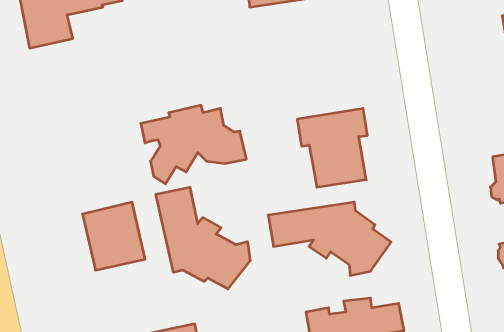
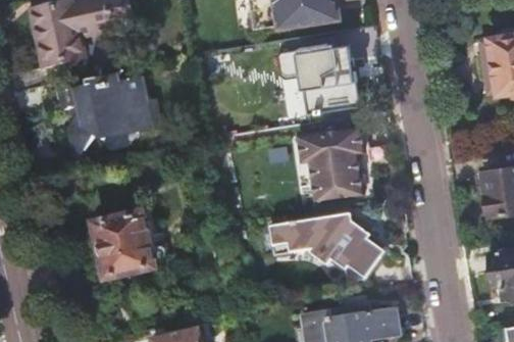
building: none -> [281,42,362,111]
building: [141,105,246,184] -> [59,76,159,150]
building: [156,187,250,289] -> none

